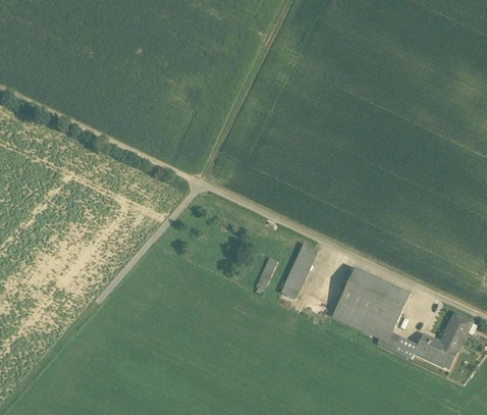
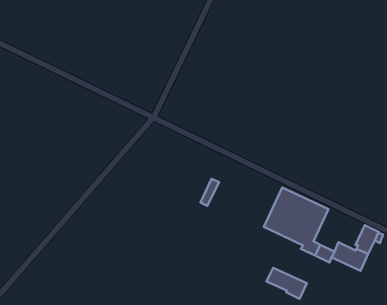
building: [281,244,317,298] -> none
building: none -> [266,268,307,299]

